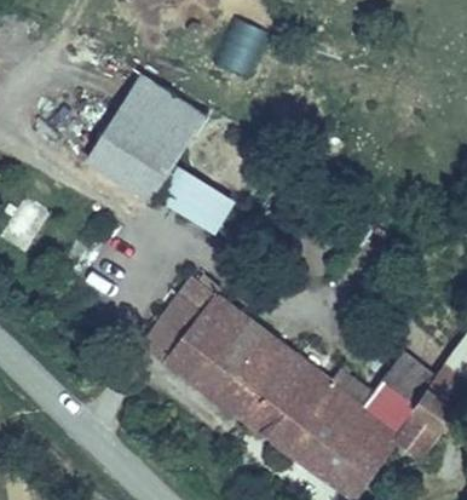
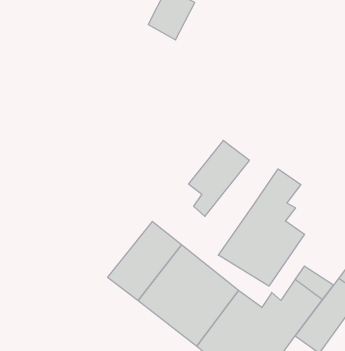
building: [96,85,231,231] -> none
building: none -> [218,169,304,286]
building: [150,274,223,364] -> [189,140,249,216]

